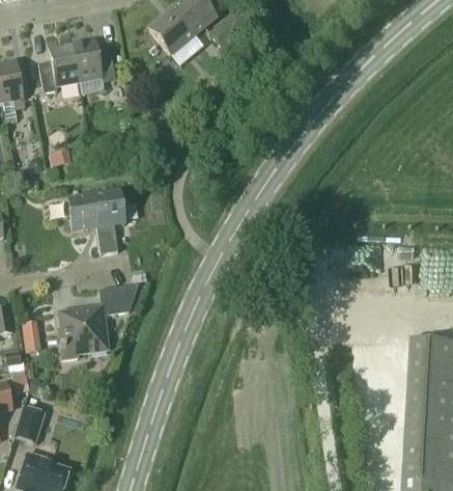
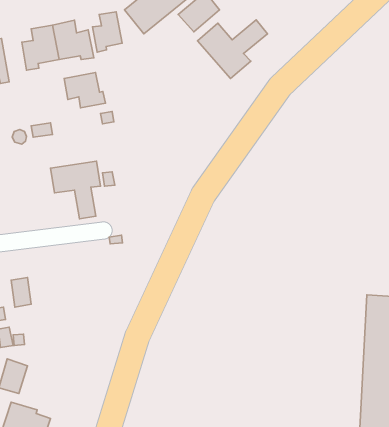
building: none -> [93,12,122,52]
building: none -> [197,20,267,79]
building: none -> [64,73,106,108]
building: [58,284,137,358] -> none

